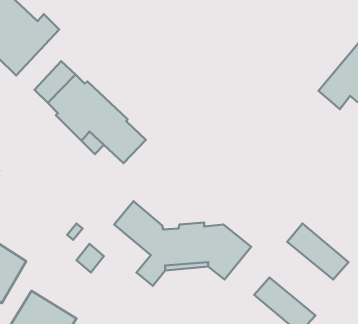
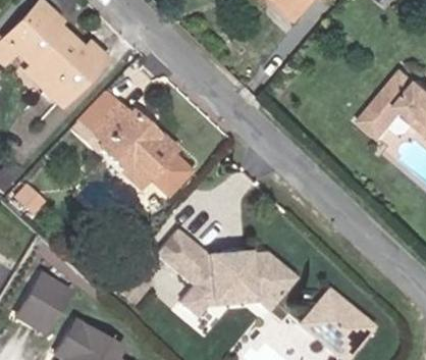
building: [287,223,348,280] -> [311,288,372,344]

